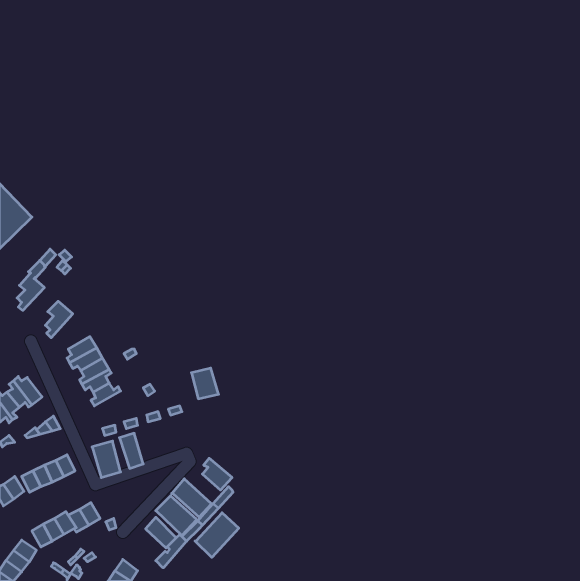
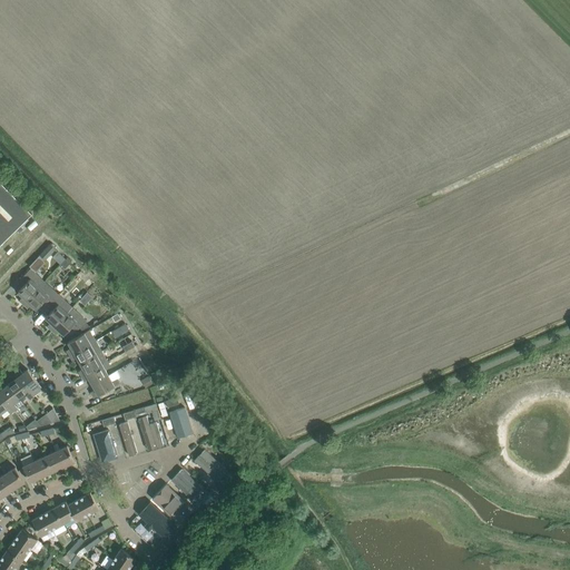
building: none -> [22,282,57,309]
building: none -> [50,307,89,335]
building: [191,368,219,399] -> [169,412,196,442]
building: none -> [137,417,164,455]
building: [195,513,239,557] -> none

